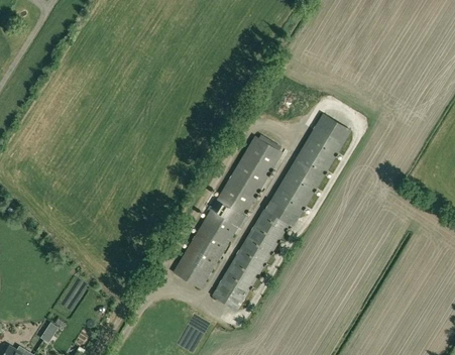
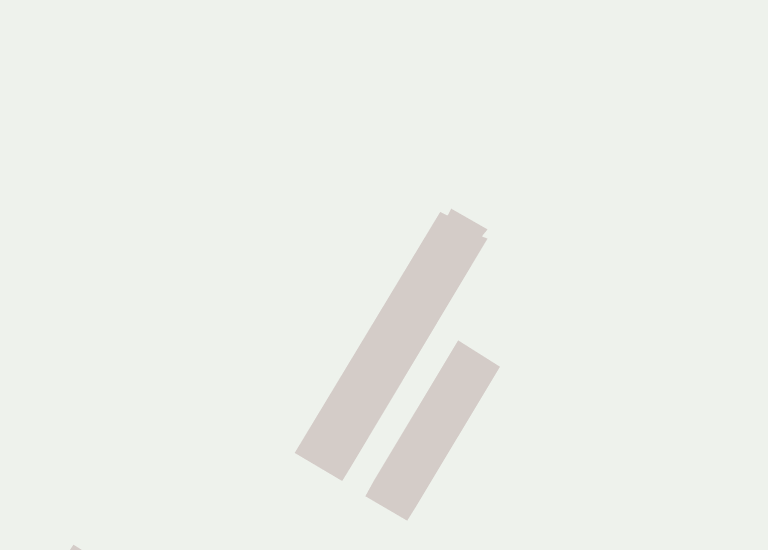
building: [264,114,350,227] -> none

